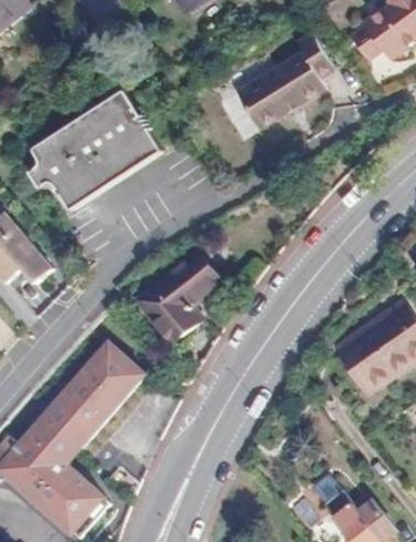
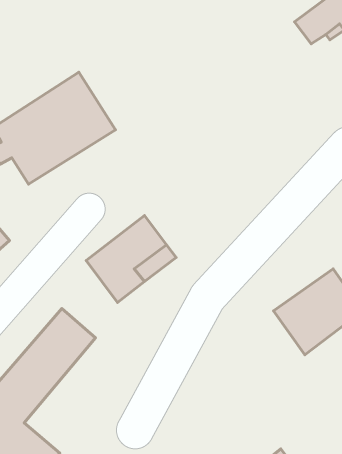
building: [239,32,335,131] -> none

